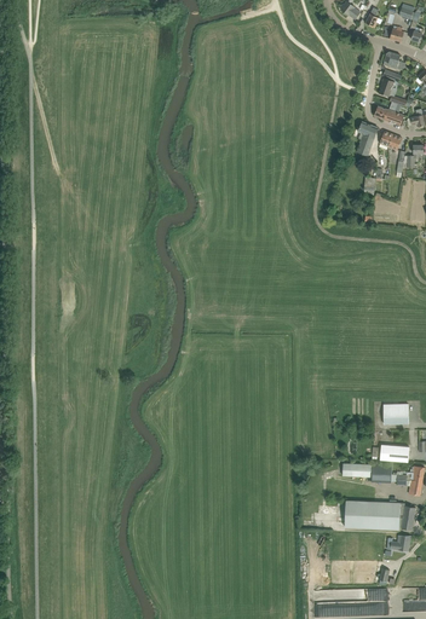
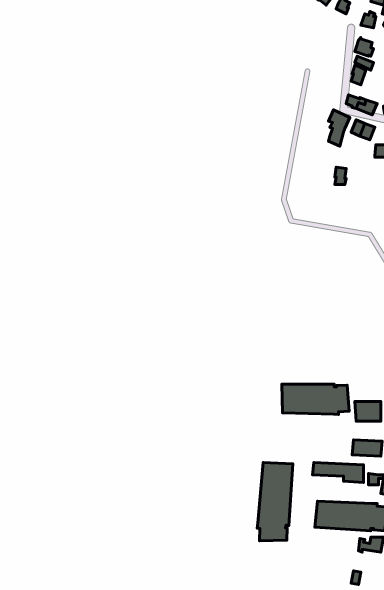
building: none -> [282,384,349,415]
building: none -> [257,463,293,541]

